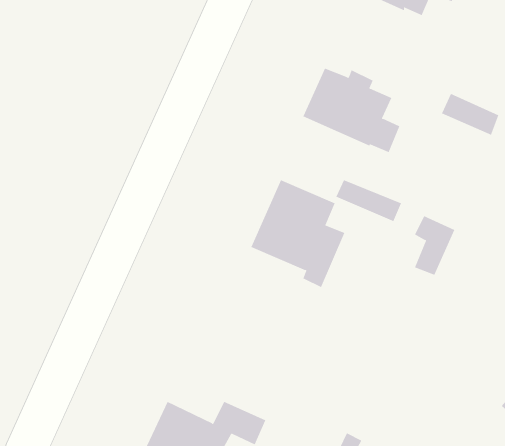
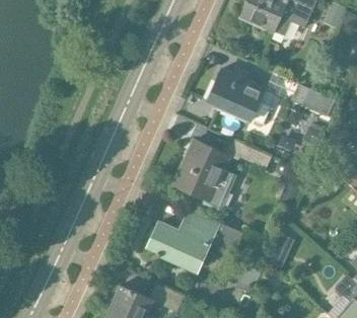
building: none -> [148,211,242,269]

